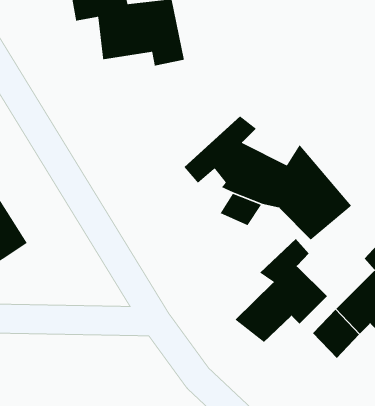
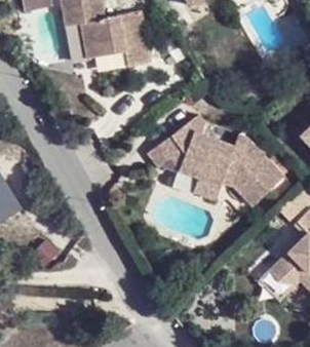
building: [235,238,328,343] -> none

